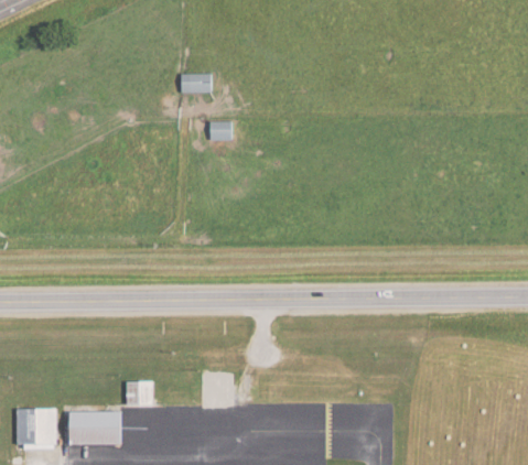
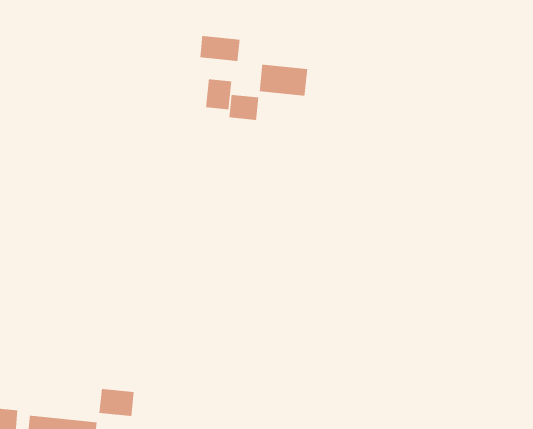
building: none -> [259,64,308,96]
building: none -> [206,79,232,110]

